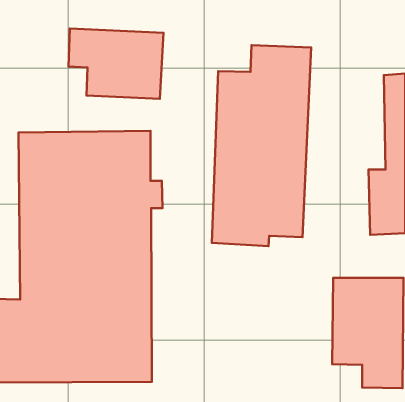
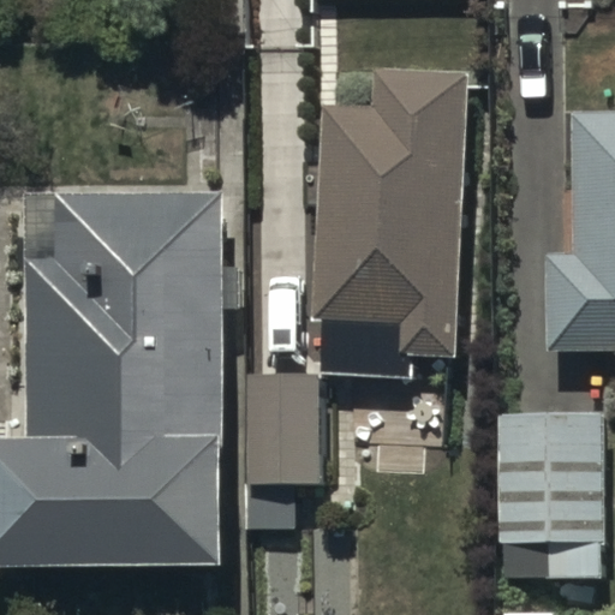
building: [68,28,163,99] -> none
building: none -> [246,370,321,483]

